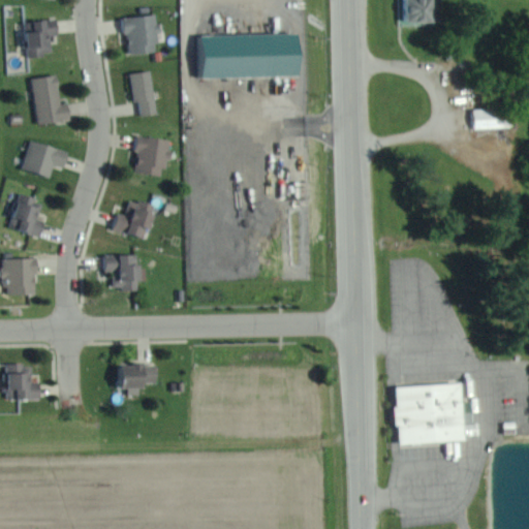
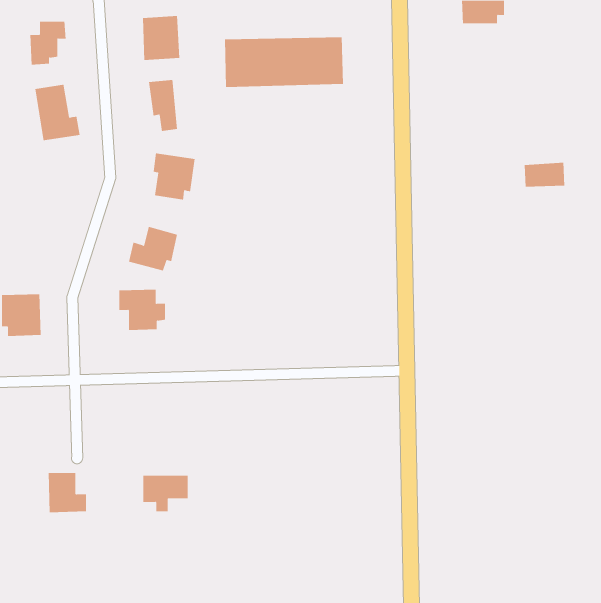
building: [472,108,508,130] -> [524,162,565,187]
building: [21,141,69,178] -> none
building: [8,194,44,238] -> none
building: [6,365,40,400] -> [48,473,87,513]
building: [116,365,156,397] -> [142,475,189,512]
building: [395,383,464,445] -> none

